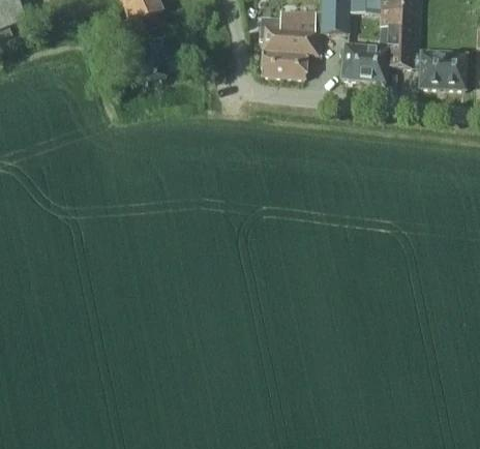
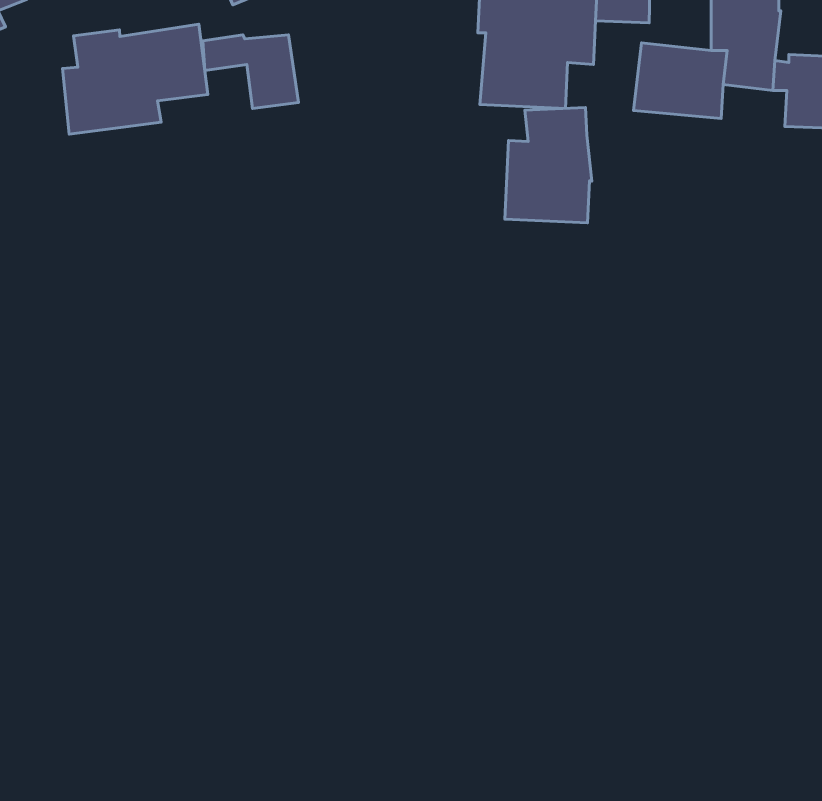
building: none -> [62,24,208,134]
building: none -> [505,108,592,223]

